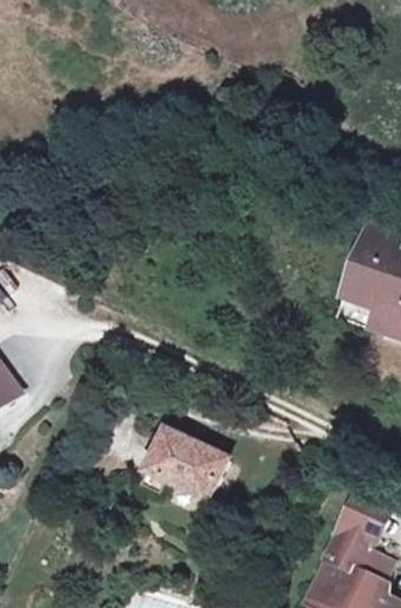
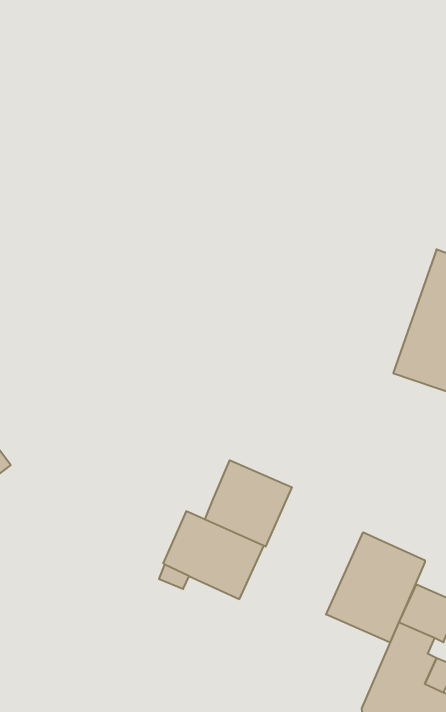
building: none -> [205,460,292,547]
building: none -> [326,532,425,643]

